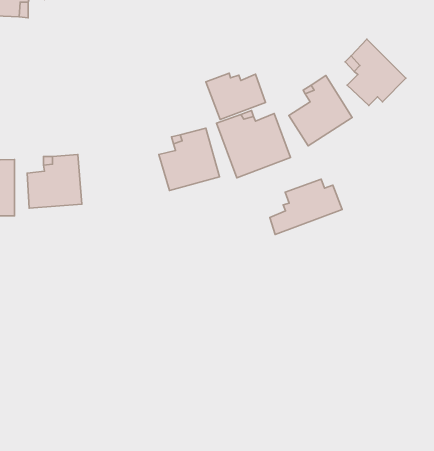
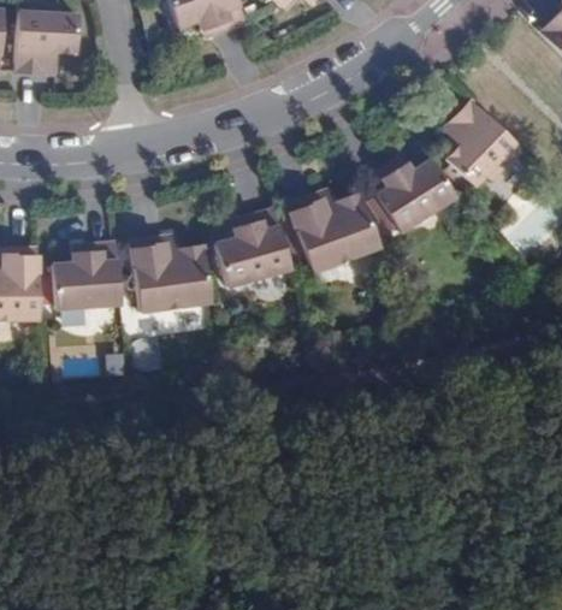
building: [206,73,266,120] -> none
building: none -> [130,239,211,314]
building: [270,179,342,234] -> none

